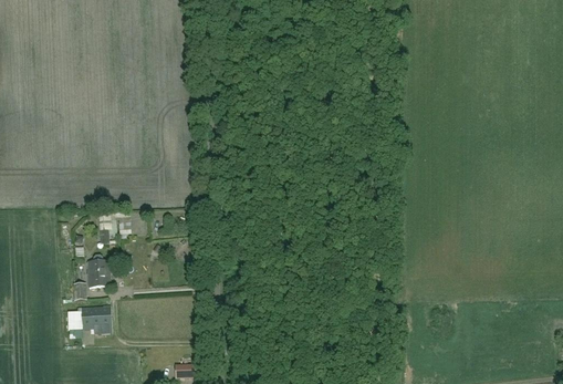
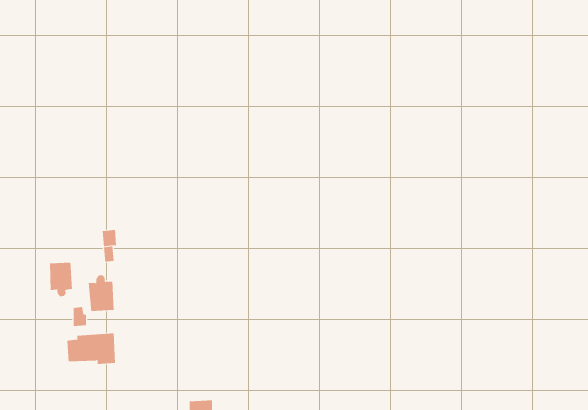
building: none -> [50,262,73,297]

